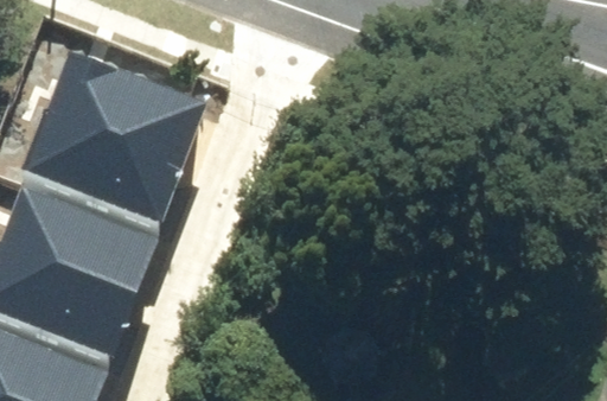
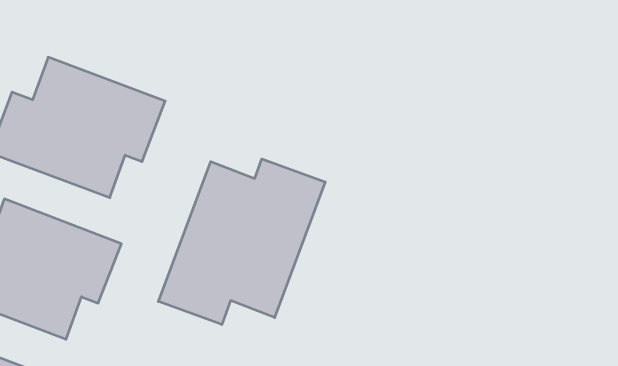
building: none -> [158,159,325,325]

